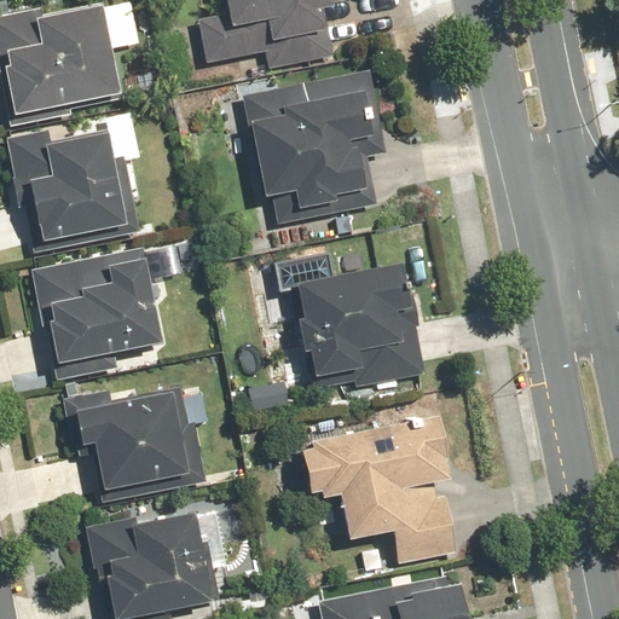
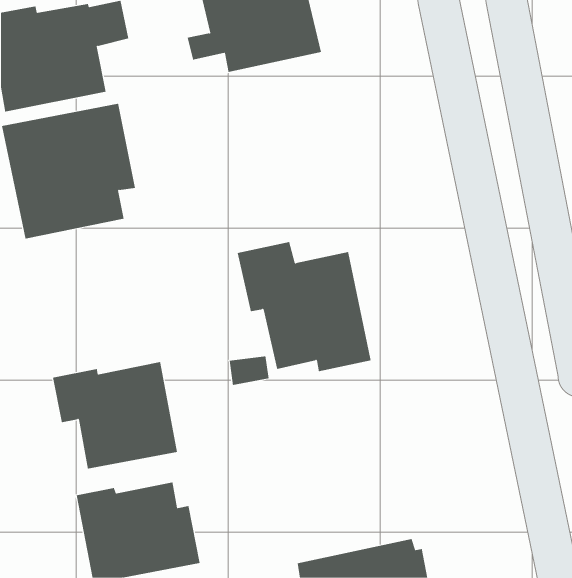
building: [242,64,389,222] -> none
building: [35,245,168,383] -> none
building: [300,410,458,563] -> none

